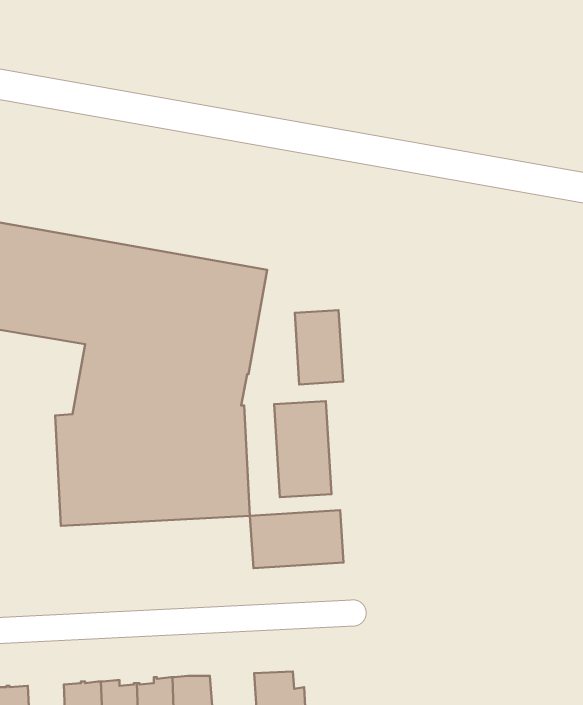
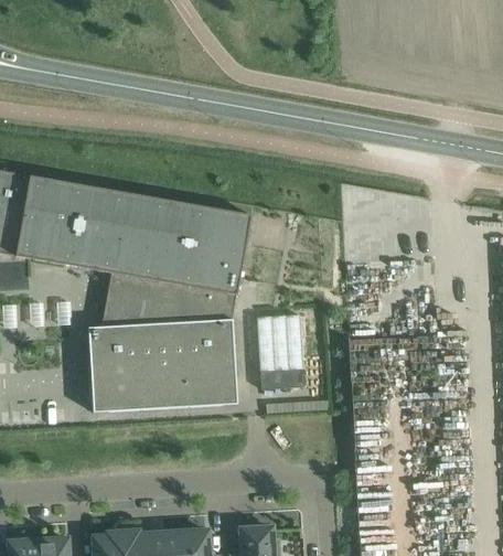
building: [295,310,343,385] -> none
building: [250,510,344,568] -> none

